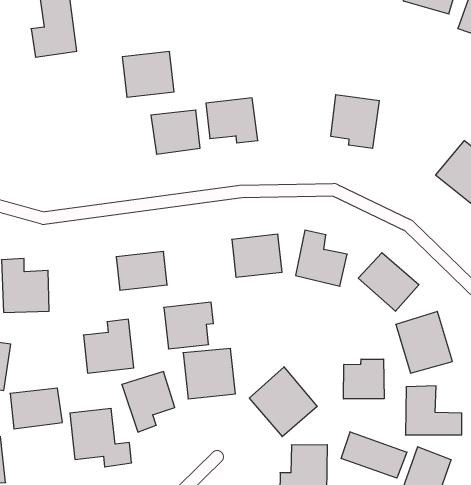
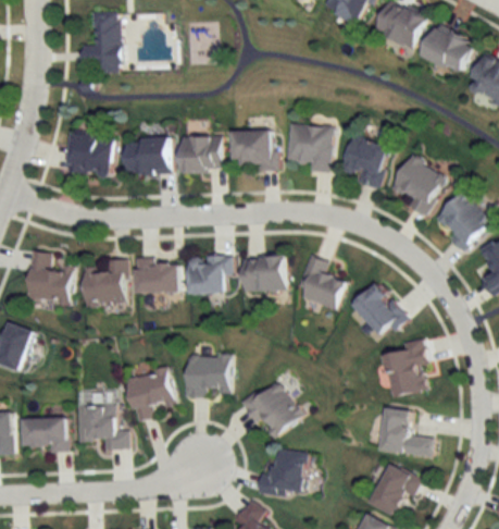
building: [122,52,174,97] -> [126,137,170,174]
building: none -> [287,124,332,173]
building: none -> [391,156,446,216]
building: none -> [65,132,114,177]
building: [164,302,213,349] -> [188,256,232,294]
building: [83,319,134,373] -> [84,260,126,305]
building: [344,359,384,399] -> none
building: [10,388,62,429] -> [22,418,66,451]
building: [341,432,407,478] -> none

